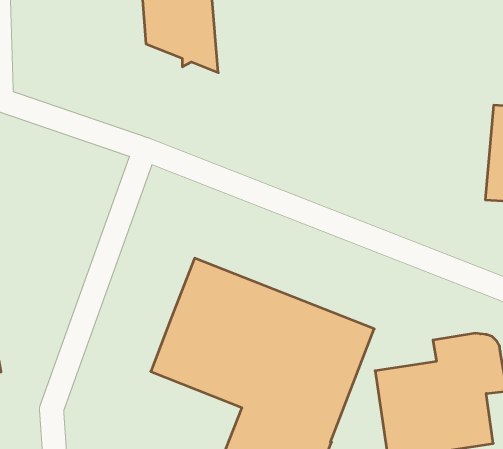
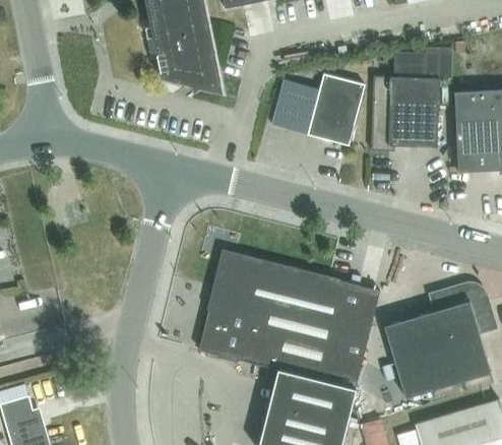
building: none -> [371,48,452,151]
building: none -> [272,73,365,145]

